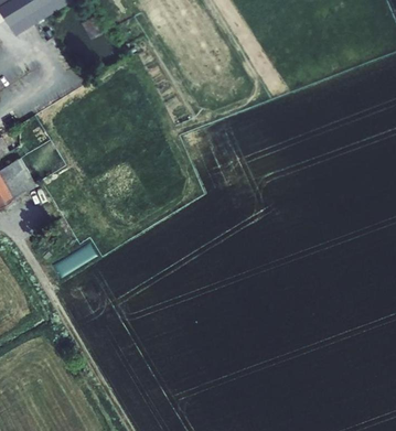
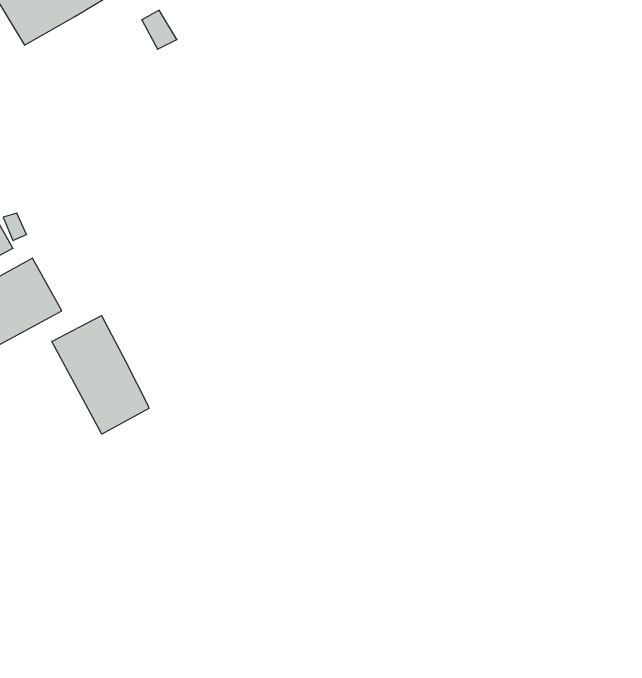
building: none -> [52,316,149,434]

